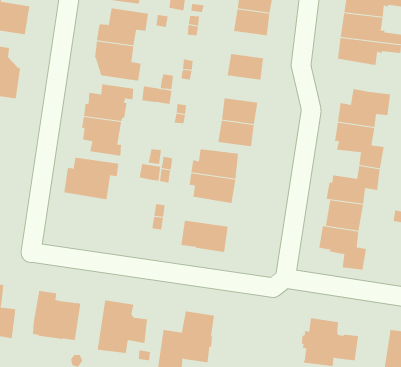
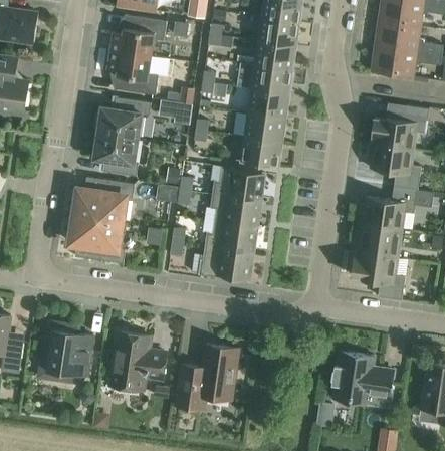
building: none -> [255,40,295,69]
building: none -> [248,88,288,118]
building: none -> [70,215,125,263]
building: none -> [205,220,257,252]

